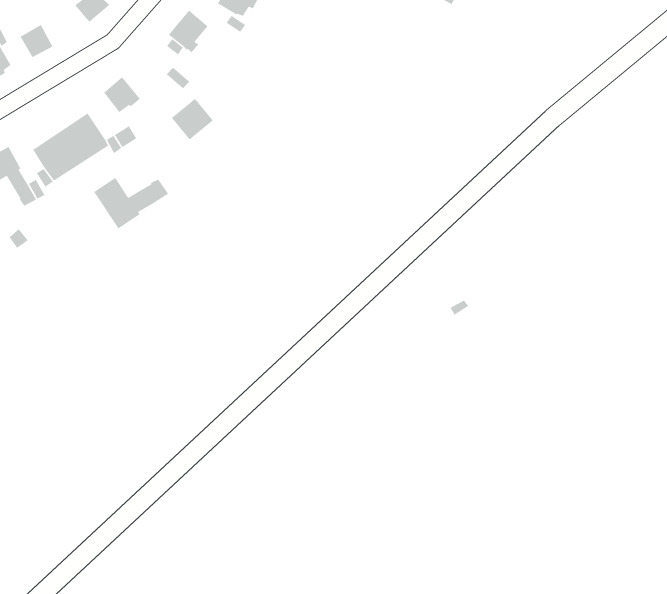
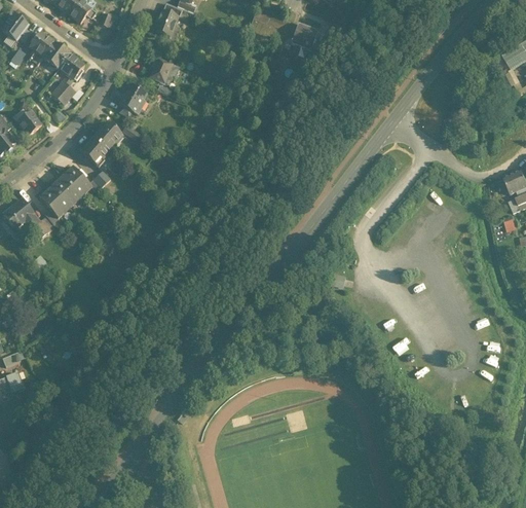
building: [171,98,214,141] -> [92,120,122,150]
building: [93,177,169,229] -> none

